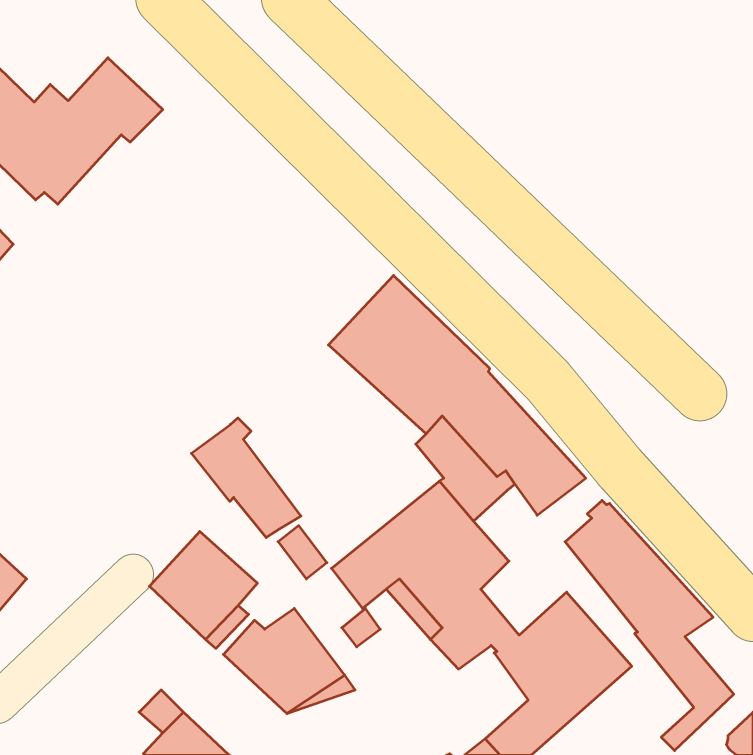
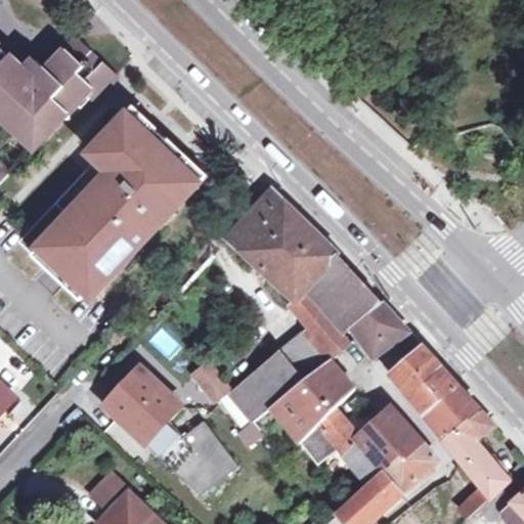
building: none -> [16,105,206,298]
building: [191,418,301,538] -> none

